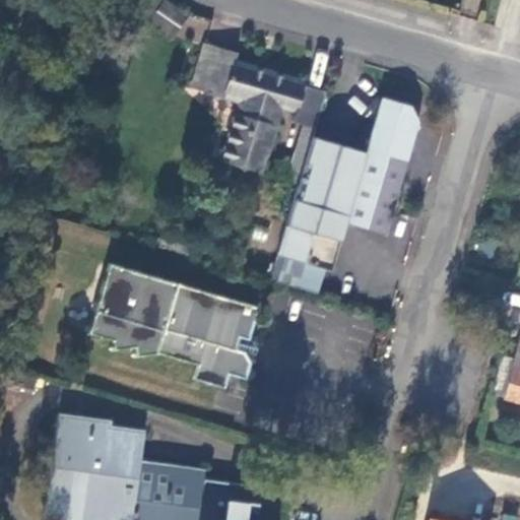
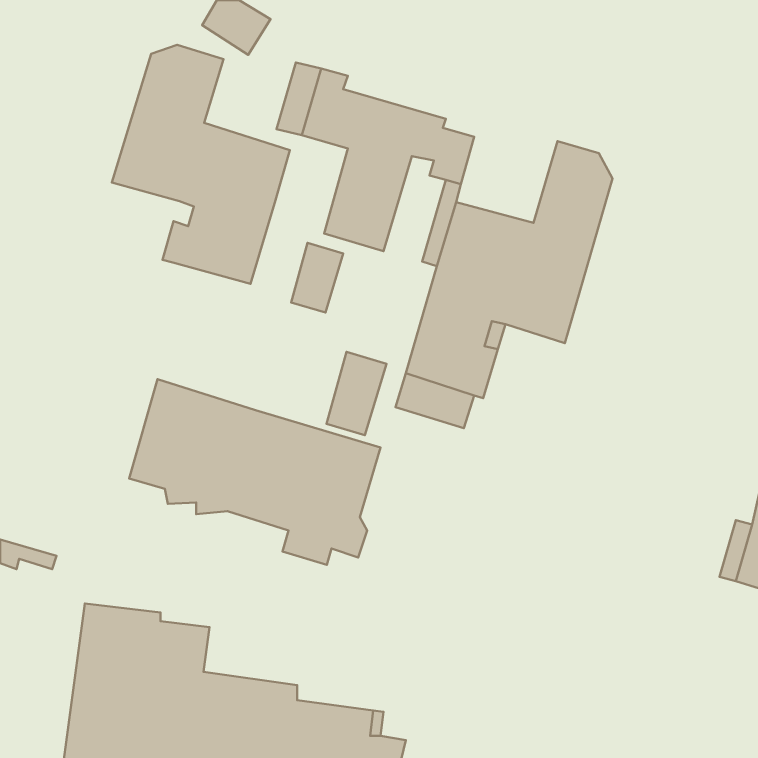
building: none -> [112,45,290,284]
building: none -> [291,243,343,313]
building: none -> [326,352,387,435]

